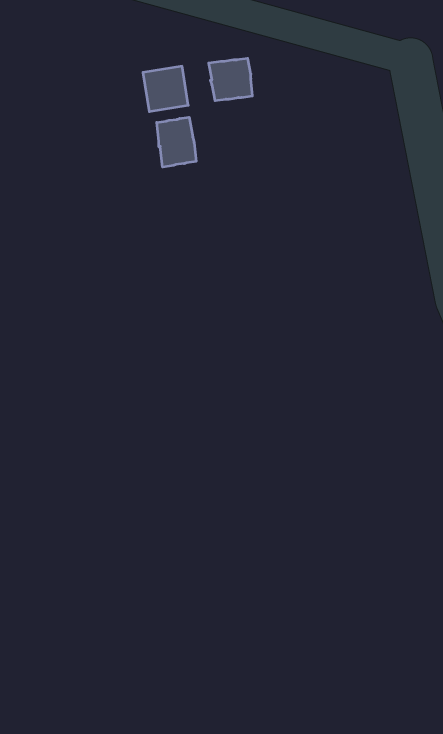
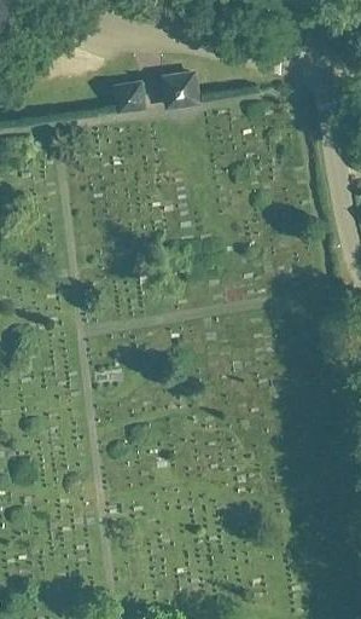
building: [157,117,196,167] -> none

